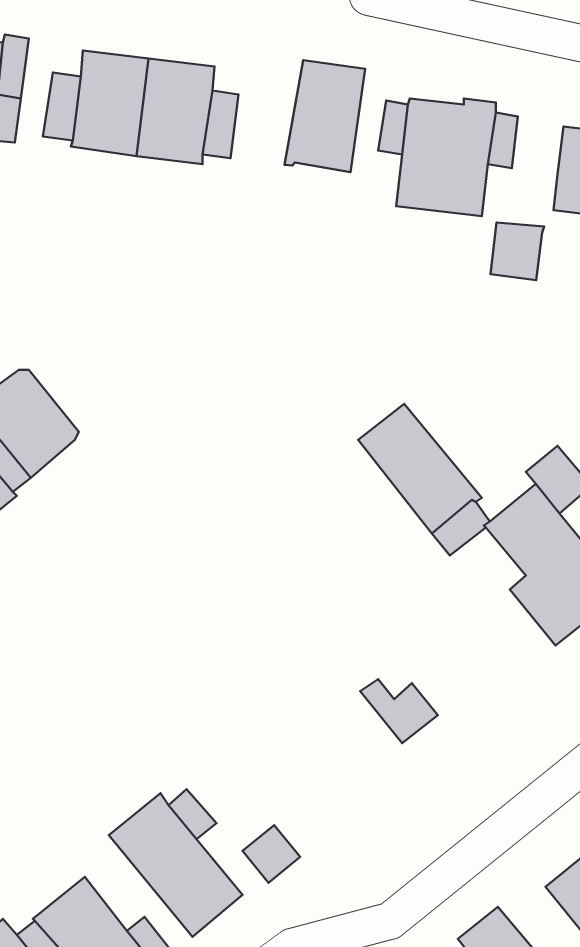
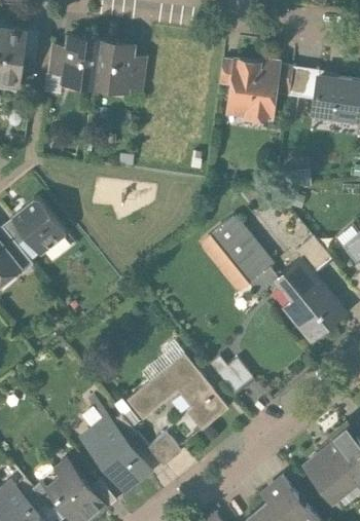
building: [285,60,365,172] -> none
building: [490,222,544,280] -> [288,69,316,99]
building: none -> [127,353,227,430]

